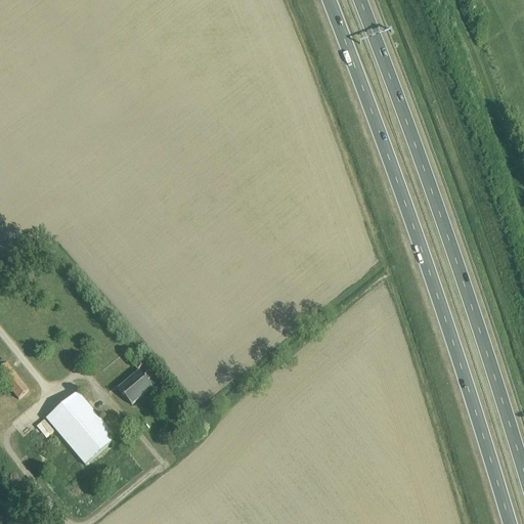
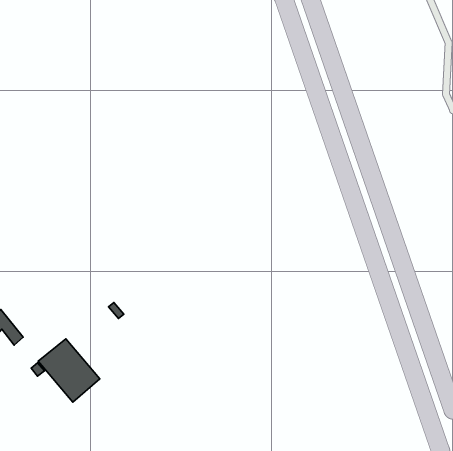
building: [116,368,150,402] -> none

